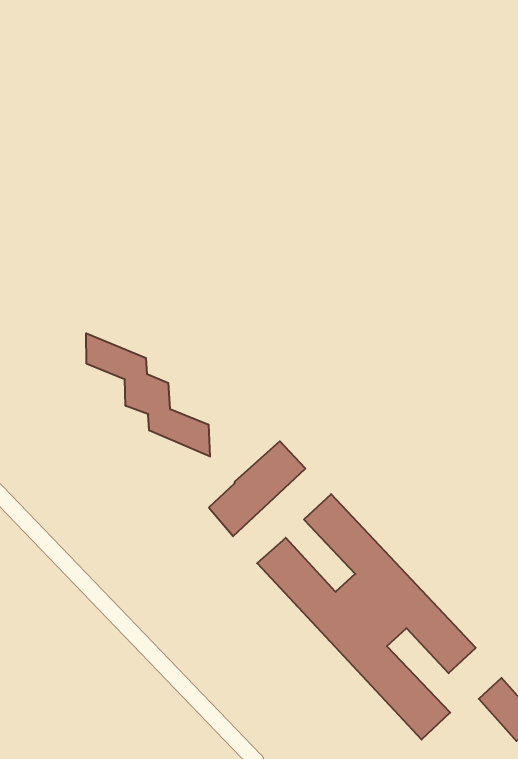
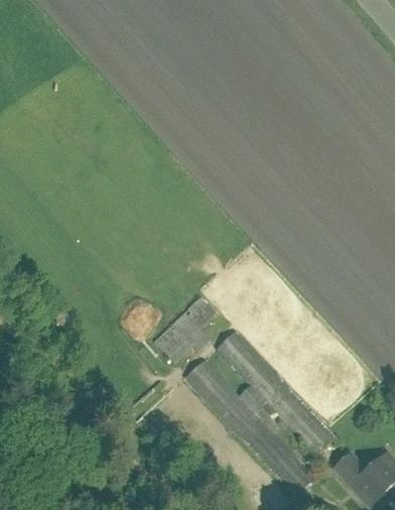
building: [86,333,210,457] -> none

